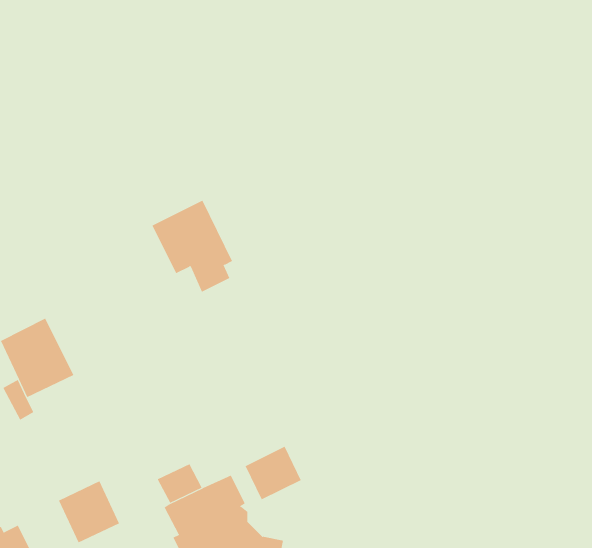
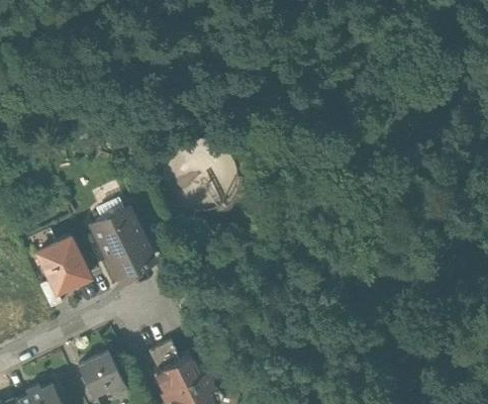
building: [152,200,233,292] -> [92,208,150,274]
building: [245,446,301,500] -> none

